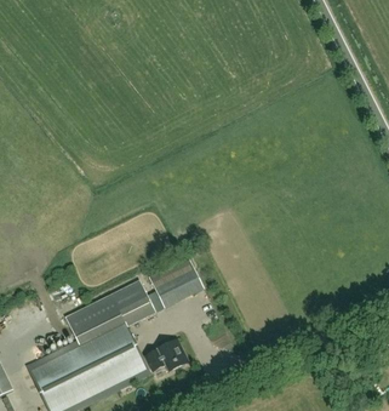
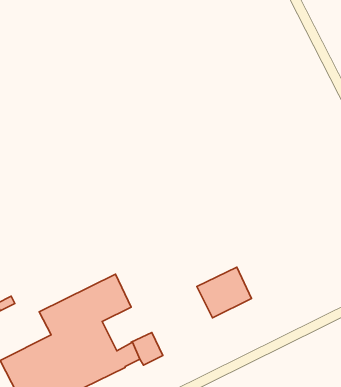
building: [148,256,202,307] -> [197,267,251,318]

